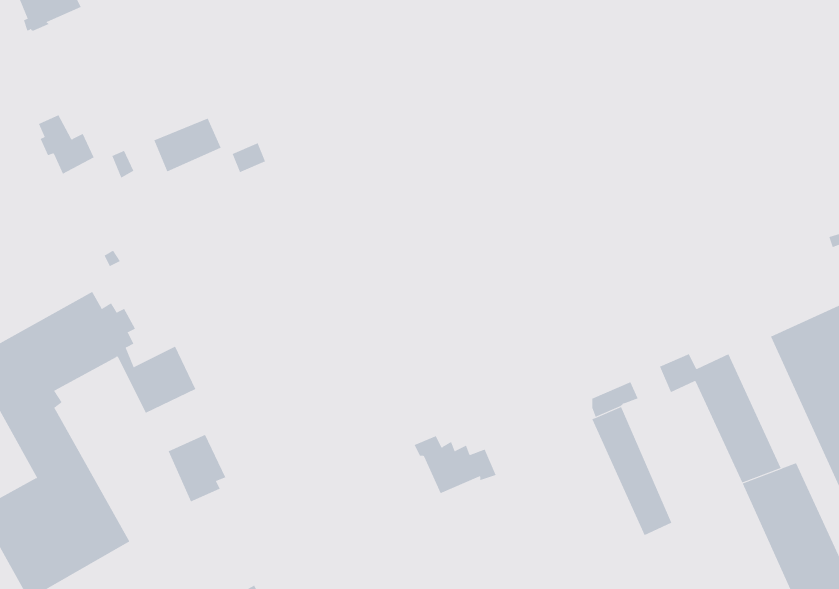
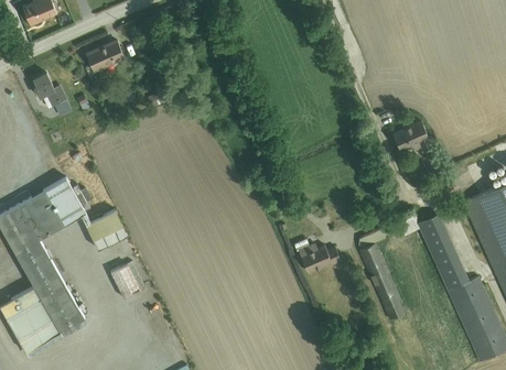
building: [154,118,221,172] -> [86,42,126,74]
building: none -> [392,121,432,153]
building: [414,436,497,494] -> [293,240,342,274]

